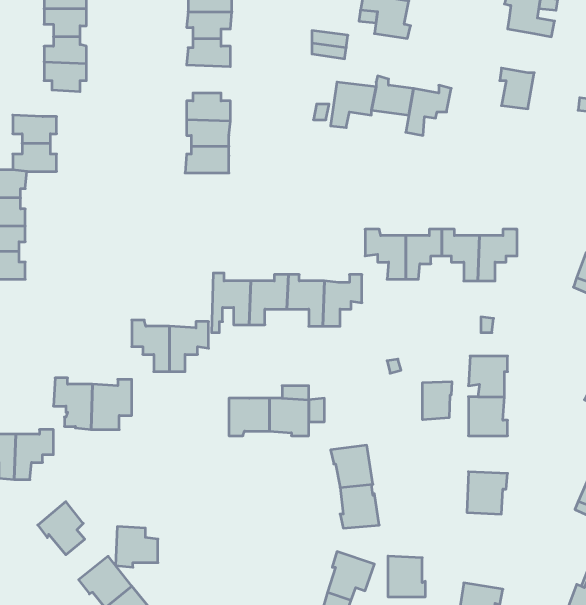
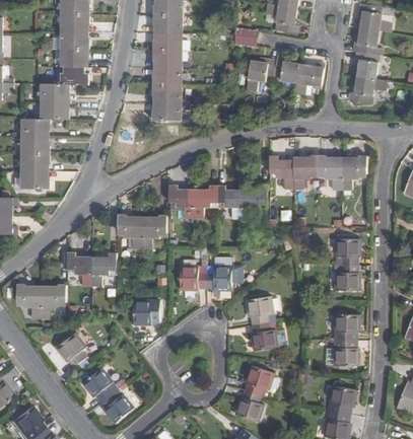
building: none -> [352,26,377,55]
building: none -> [152,50,181,68]
building: none -> [59,66,87,83]
building: none -> [349,76,385,103]
building: [423,382,452,420] -> none
building: [116,527,158,567] -> [132,299,159,325]
building: [388,556,425,597] -> [334,340,358,366]

